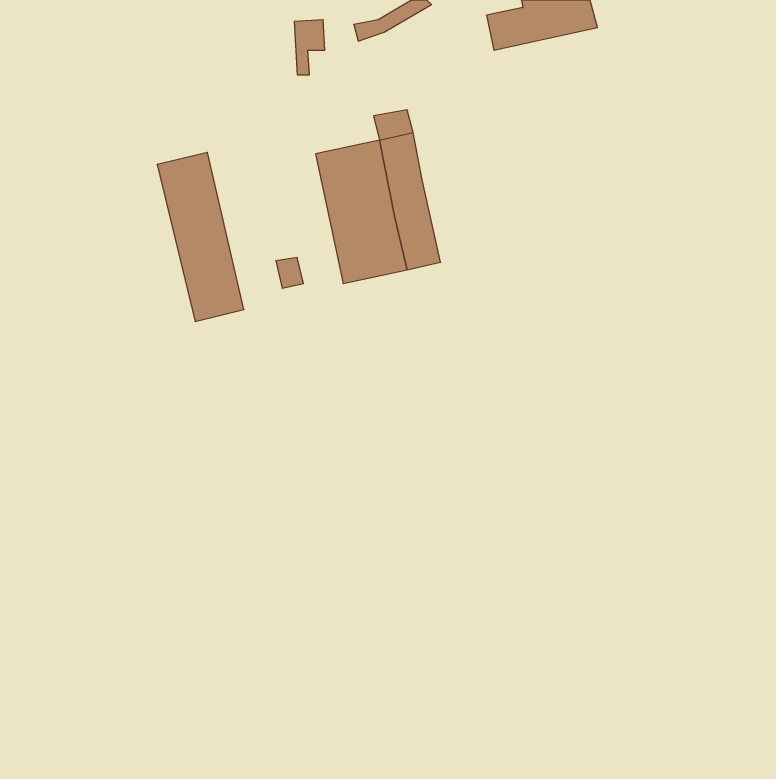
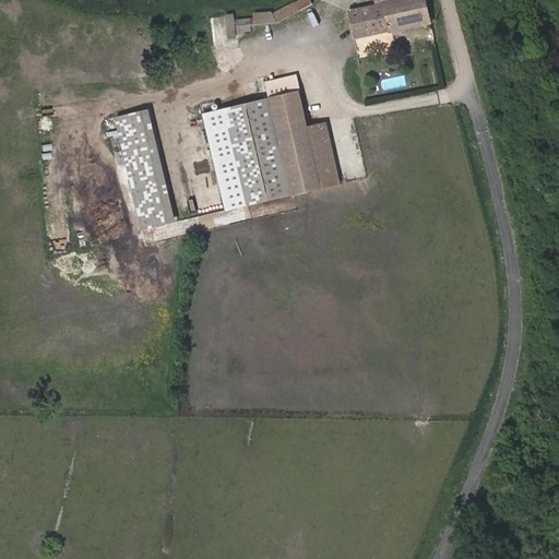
building: none -> [203,110,246,207]
building: none -> [302,126,334,188]

